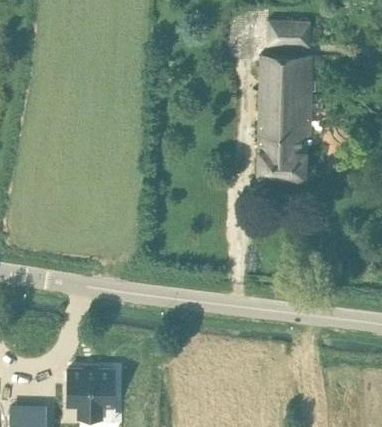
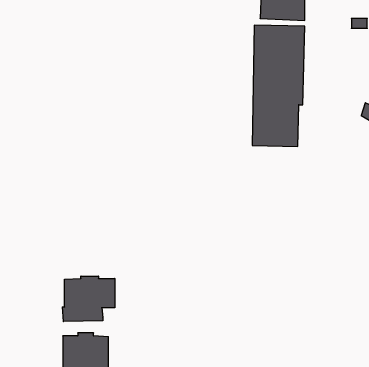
building: none -> [62,276,115,322]

